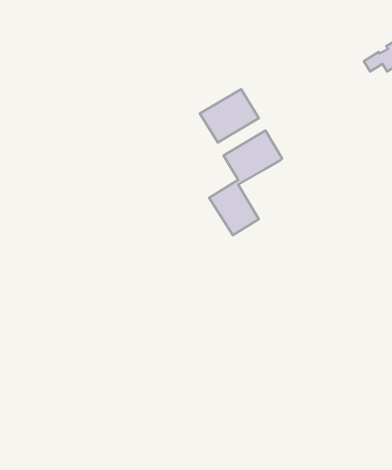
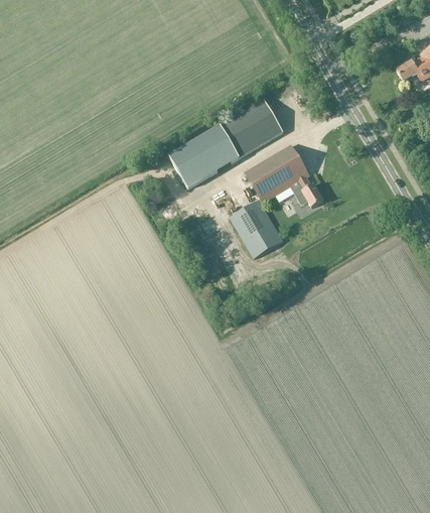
building: none -> [169,126,239,187]
building: none -> [290,176,322,207]

